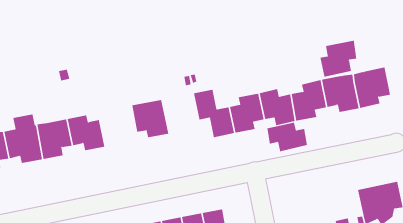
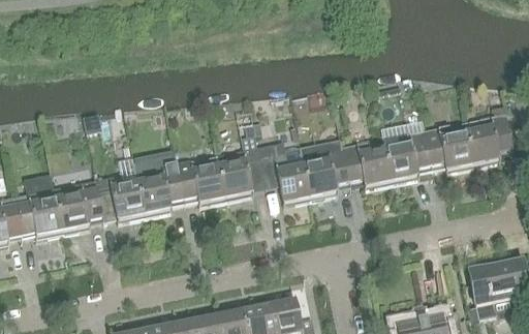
building: [320,40,357,77] -> none
building: none -> [216,148,263,201]
building: none -> [132,150,183,217]
building: [267,122,308,152] -> none

